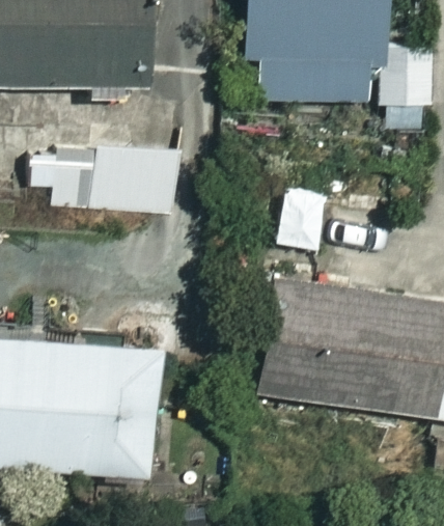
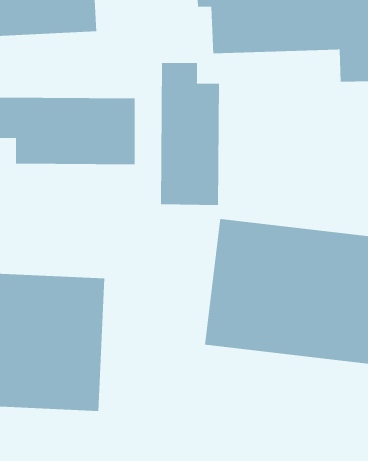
building: none -> [160,62,219,206]

